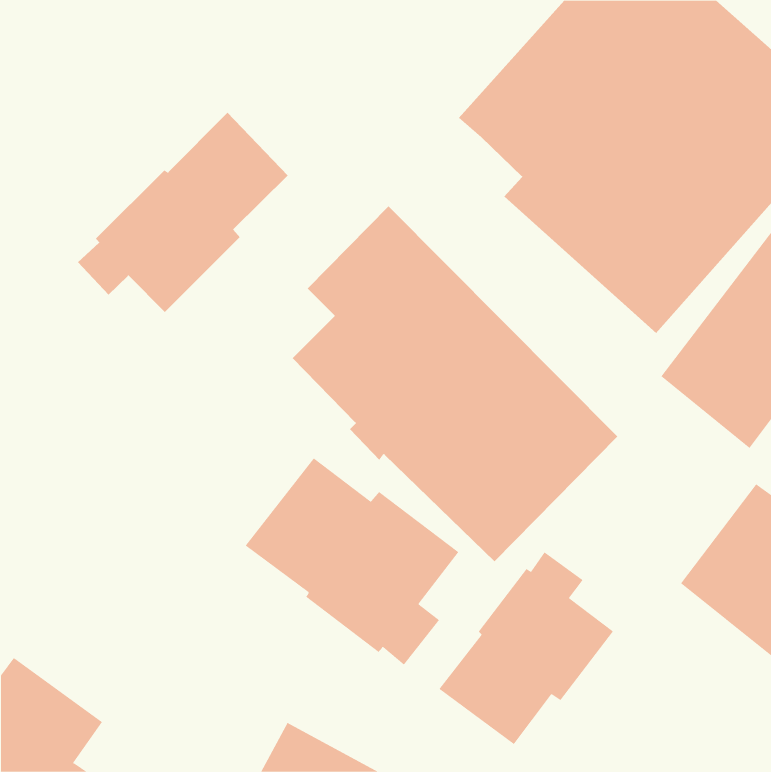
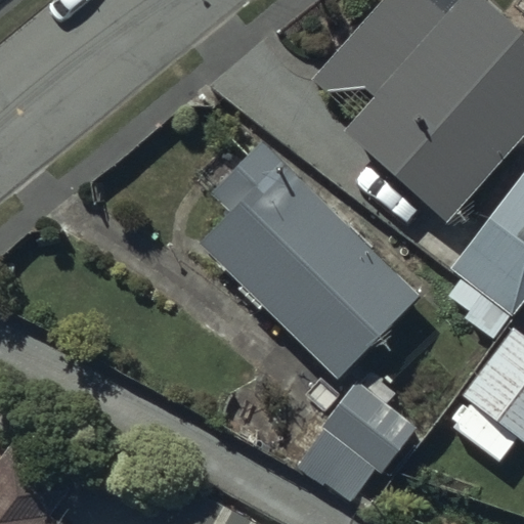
building: [77,112,288,313] -> none
building: [245,457,459,665] -> none

